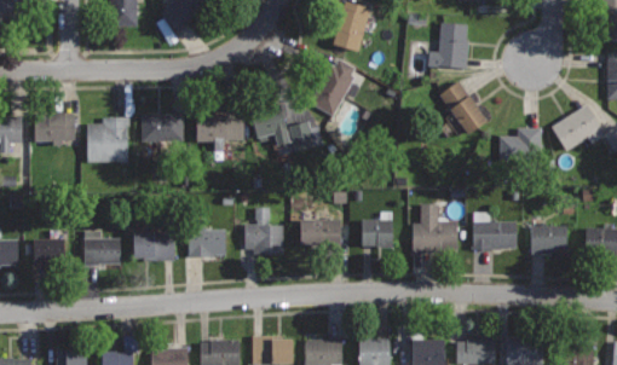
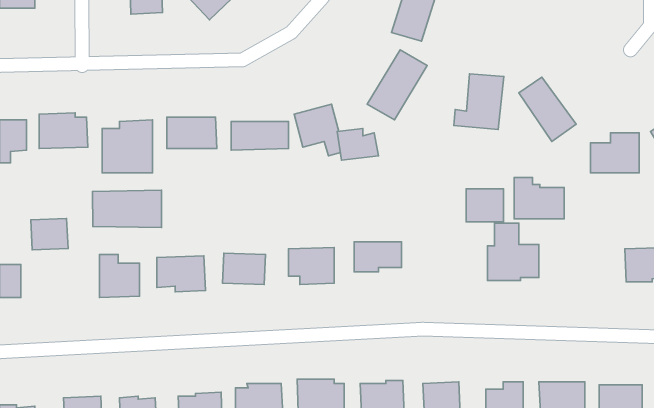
building: [427,22,469,69] -> [454,74,504,130]
building: none -> [92,190,162,228]
building: [473,213,515,248] -> [514,177,564,219]
building: [361,219,392,247] -> [466,189,503,222]
building: [33,238,64,265] -> [31,218,68,250]

